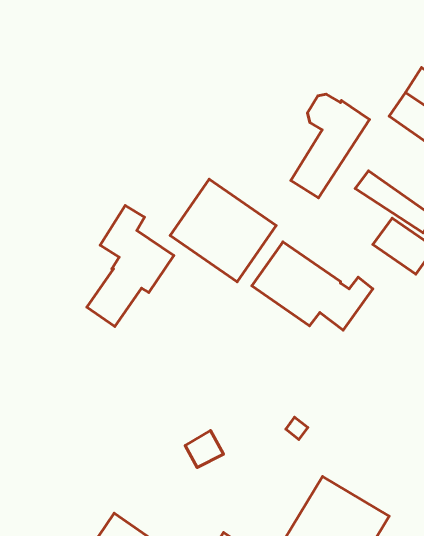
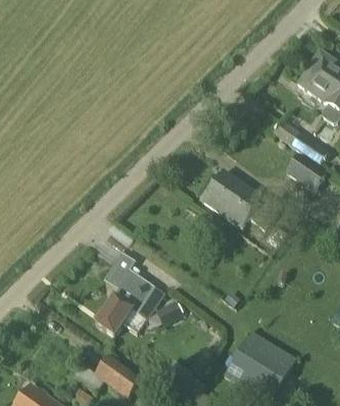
building: [291,94,370,198] -> none
building: [170,179,276,282] -> none
building: [87,205,174,326] -> [95,252,155,336]

